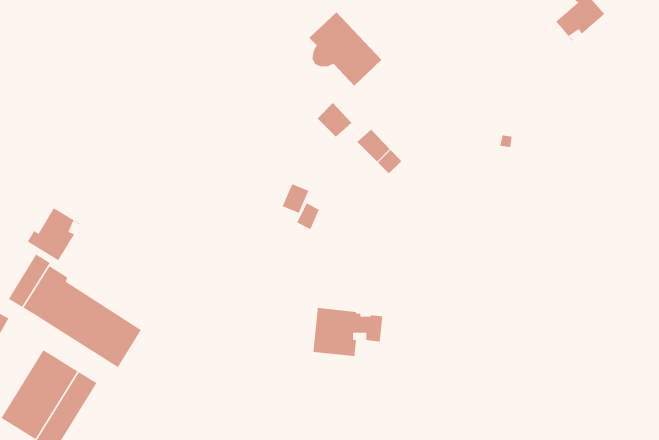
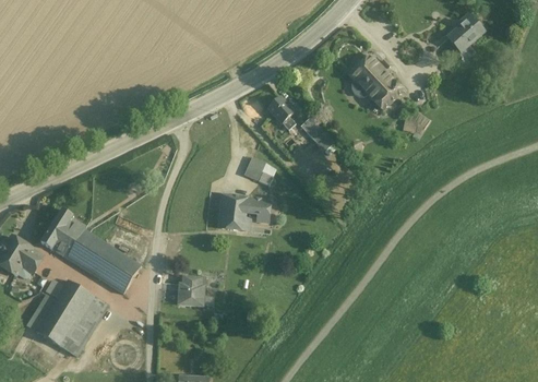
building: [309,11,382,86] -> [348,52,403,108]
building: [27,207,81,261] -> none
building: [313,307,383,357] -> [217,192,270,229]
building: none -> [178,275,202,305]

